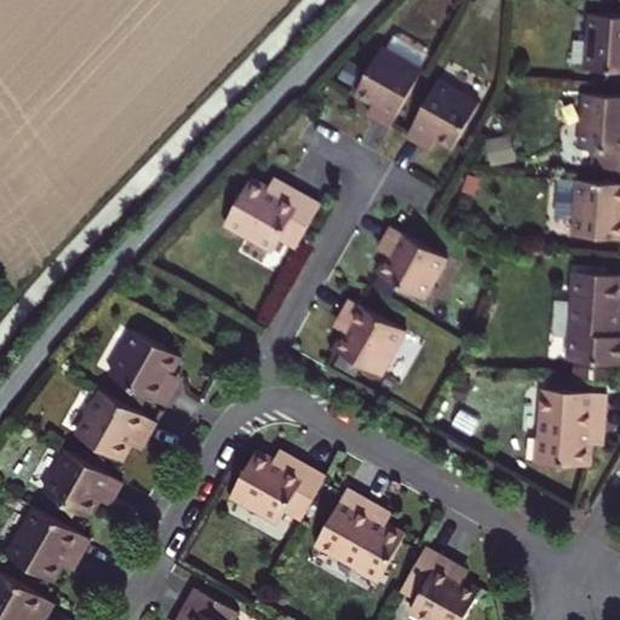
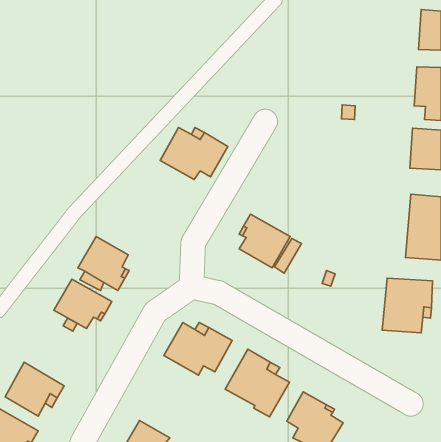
building: [355,48,421,128] -> none
building: [406,81,478,150] -> none
building: [377,228,446,300] -> none
building: [44,452,121,518] -> none

